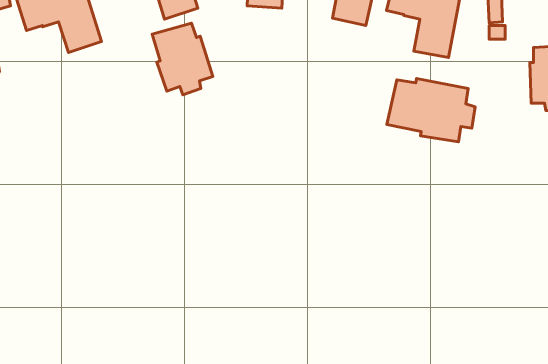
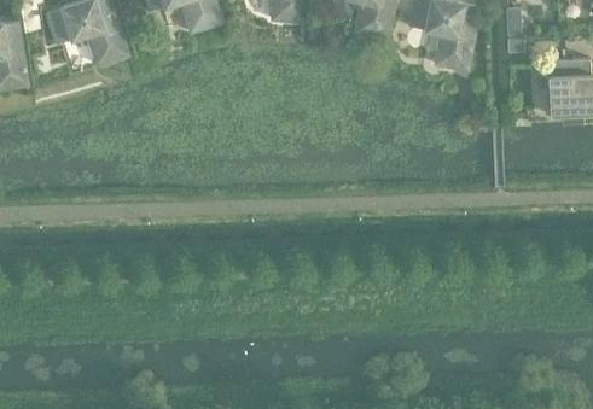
building: [152,23,213,95] -> none
building: [387,79,475,142] -> none

